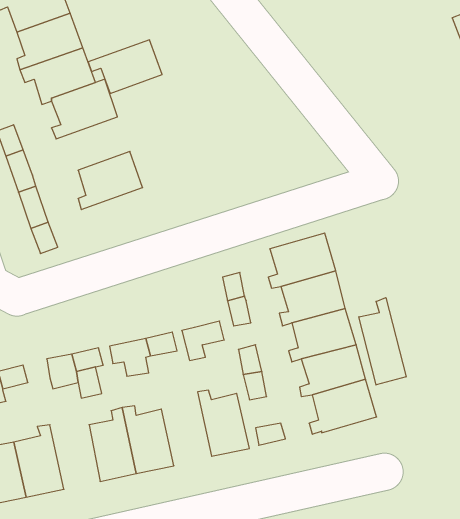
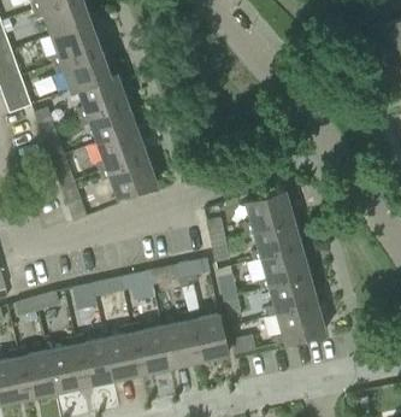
building: [88,40,162,93] -> [81,101,137,142]
building: none -> [100,155,158,198]
building: [359,298,406,385] -> none
building: none -> [161,312,200,369]
building: none -> [76,335,114,387]

